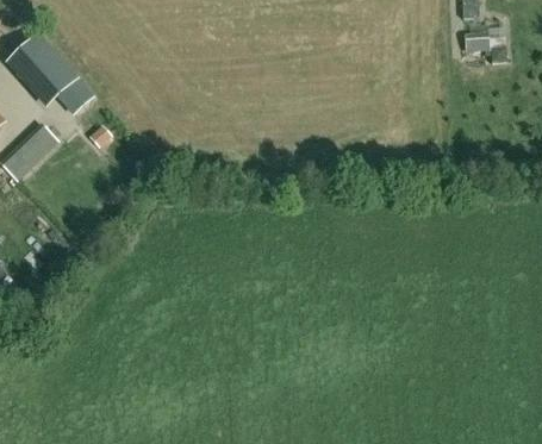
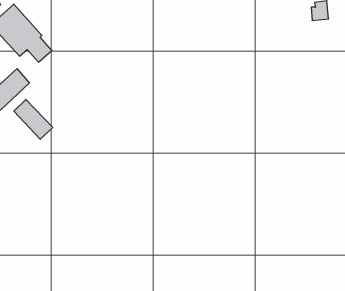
building: none -> [14,99,53,139]

